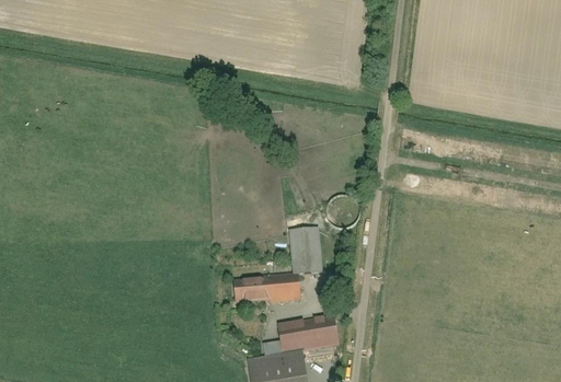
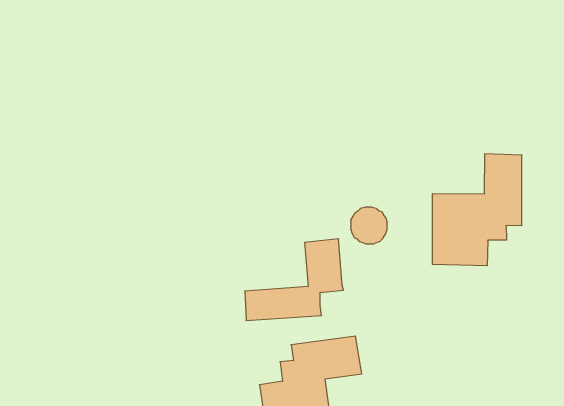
building: none -> [433,154,522,266]

